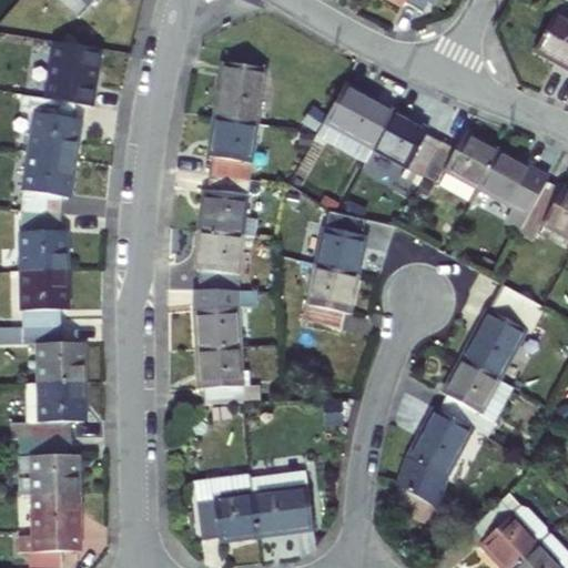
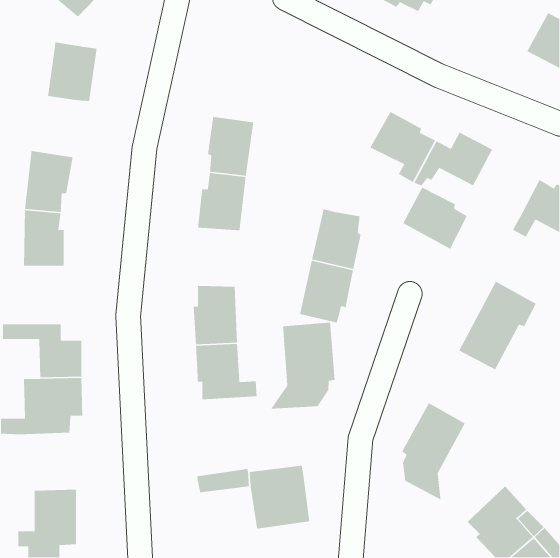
building: [215,61,265,123] -> none
building: [316,84,395,165] -> none
building: [22,94,80,159] -> none
building: [479,151,546,215] -> [402,186,468,250]
building: [196,231,243,290] -> none
building: [23,270,67,327] -> none
building: none -> [270,322,336,410]
building: [438,355,501,436] -> none
building: [19,438,78,496] -> none
building: [197,493,260,541] -> none

